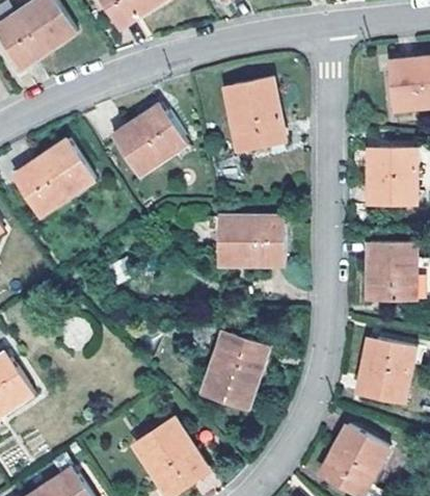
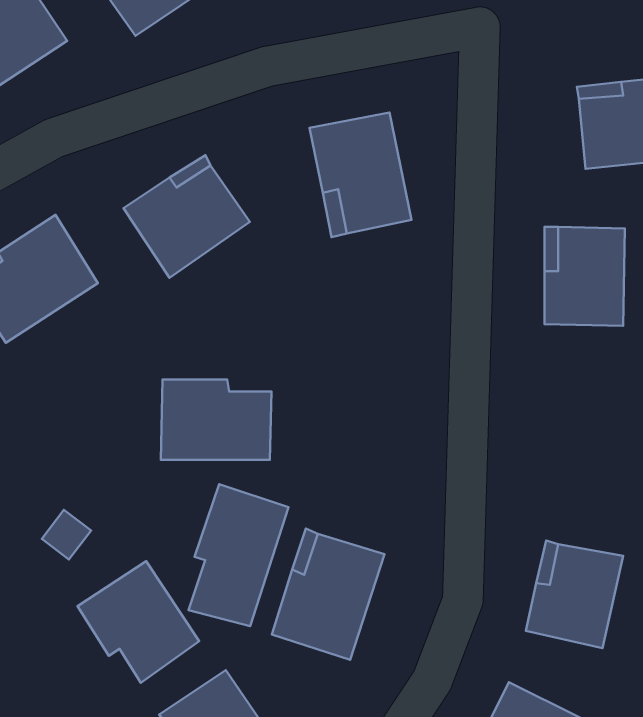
building: [217,216,285,265] -> [161,380,272,460]
building: [368,242,415,302] -> none
building: none -> [188,484,288,626]
building: none -> [78,561,199,683]

